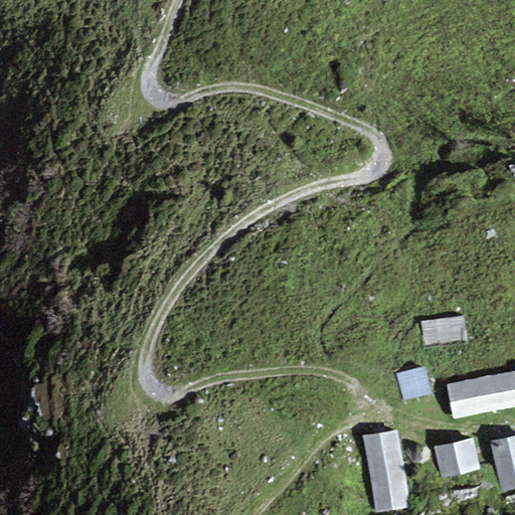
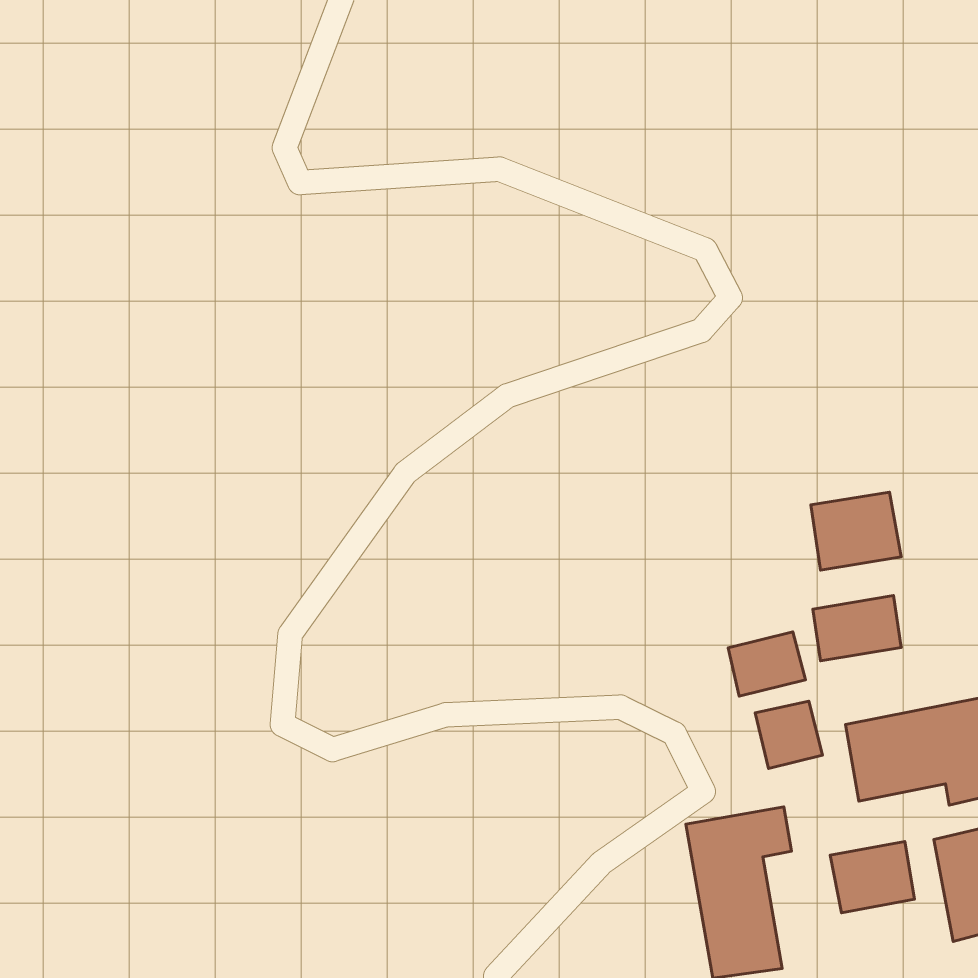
building: none -> [811,492,901,570]
building: none -> [728,632,805,696]

